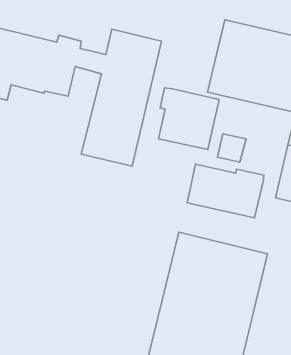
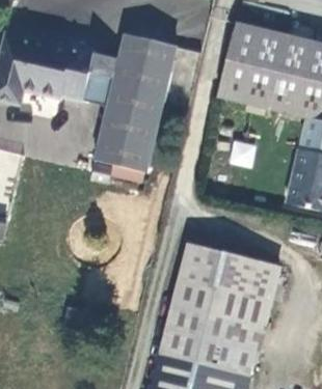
building: [158,88,219,149] -> none
building: [187,164,264,218] -> none

